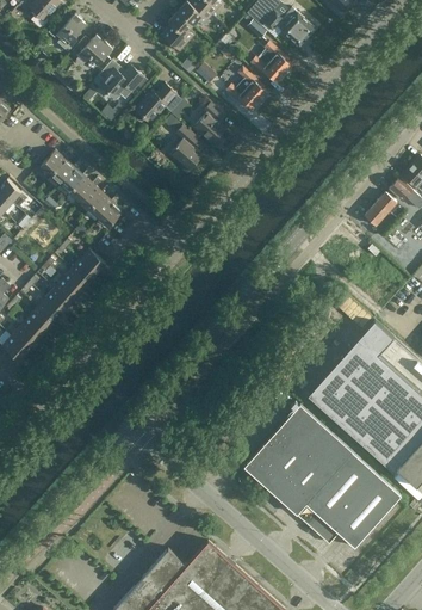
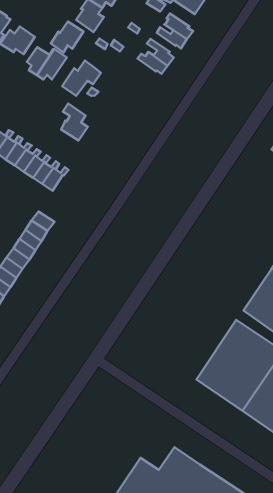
building: none -> [51,22,84,52]
building: [193,103,225,143] -> none
building: [170,125,201,170] -> [61,103,88,141]

